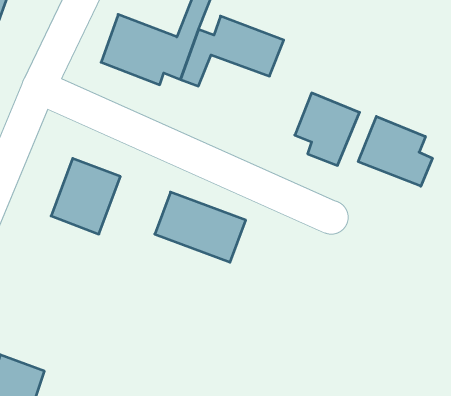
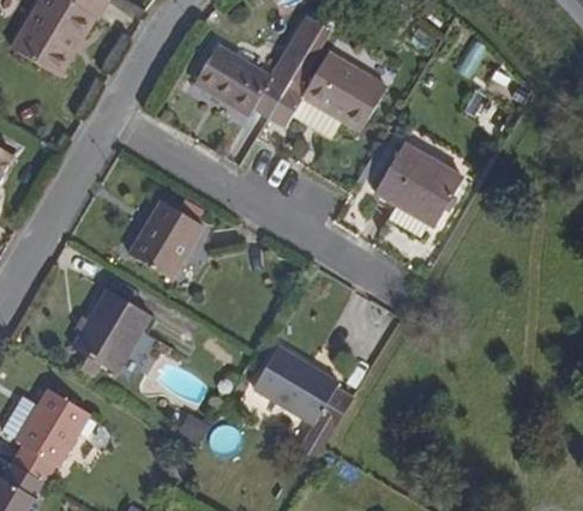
building: [358,116,432,186] -> none
building: [155,192,246,262] -> [251,336,349,419]
building: none -> [62,283,144,369]

